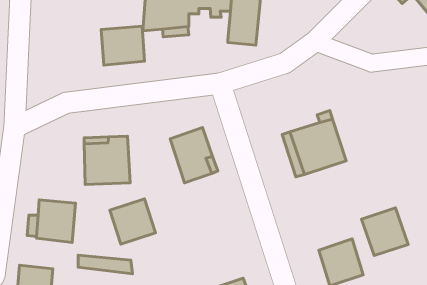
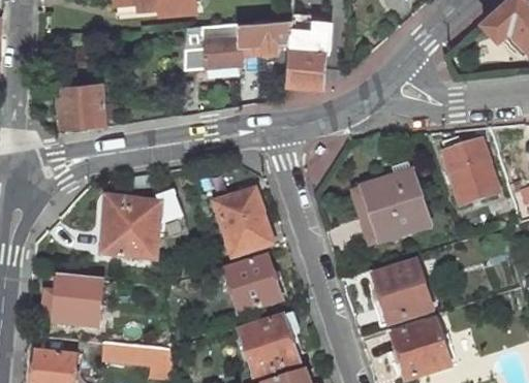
building: [101,26,145,65] -> [58,82,111,129]
building: none -> [444,136,498,204]
building: [110,199,156,244] -> [225,257,281,312]
building: [361,208,408,256] -> [375,261,432,319]
building: none -> [245,315,299,373]

